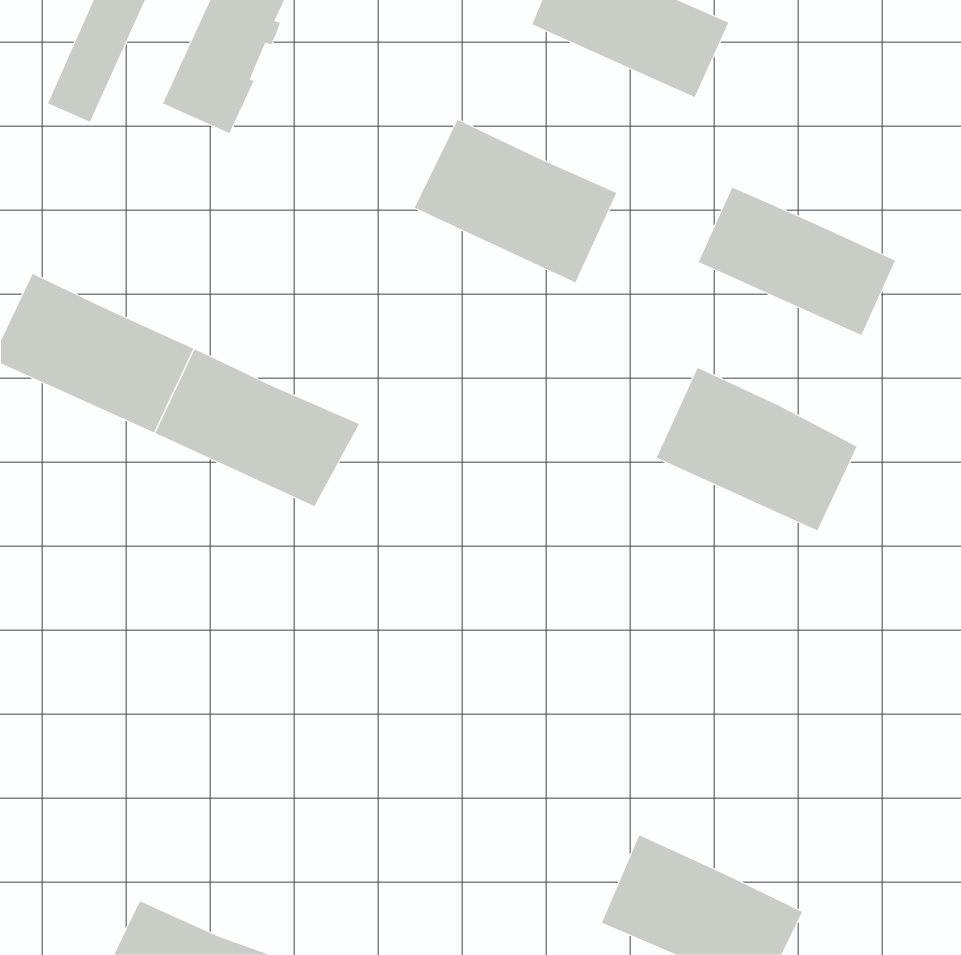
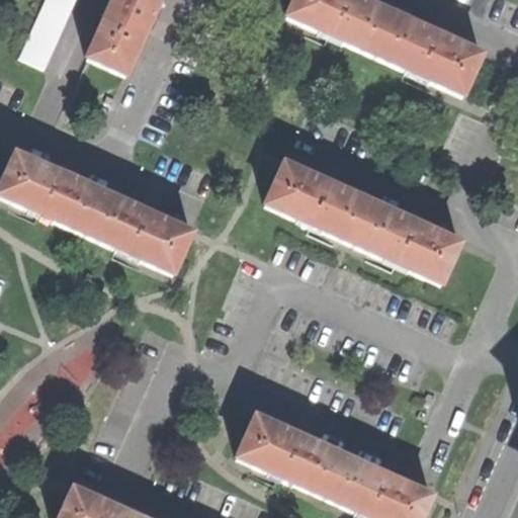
building: [414,119,617,283] -> [266,158,375,246]
building: [698,187,896,336] -> [374,12,481,92]
building: none -> [237,409,344,496]

